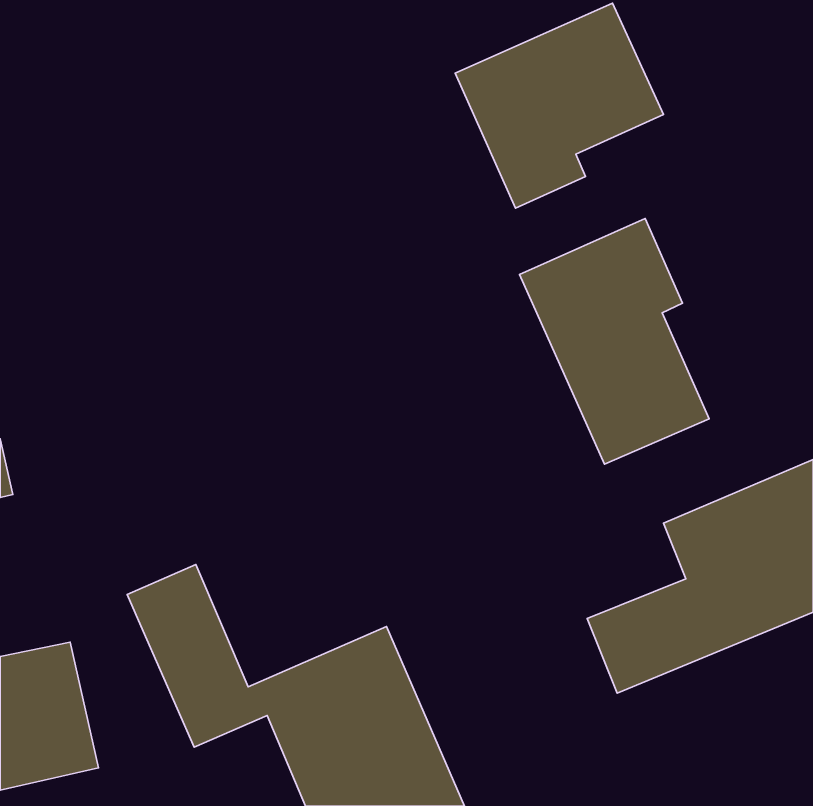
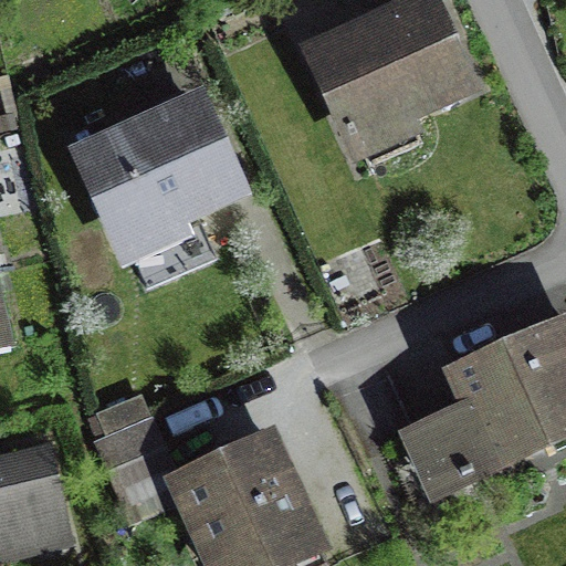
building: none -> [77,96,233,255]
building: [519,218,709,464] -> none

